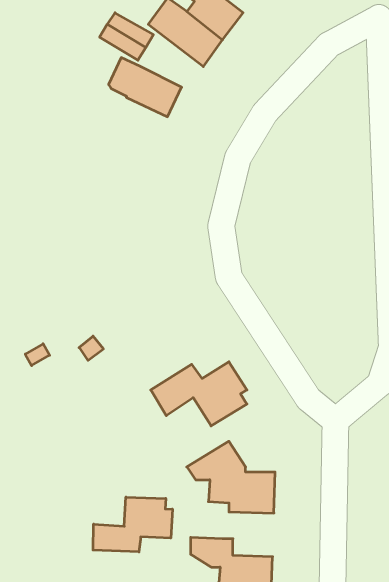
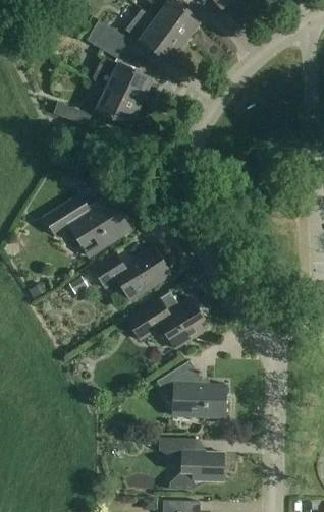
building: none -> [55,88,142,127]
building: none -> [46,194,131,255]
building: none -> [94,247,171,299]
building: [93,497,172,552] -> none

